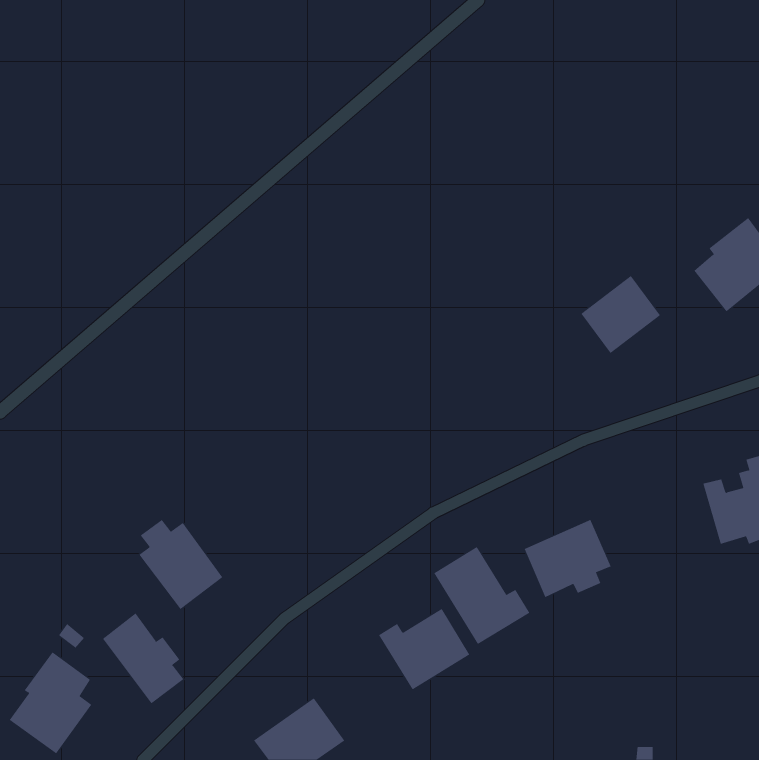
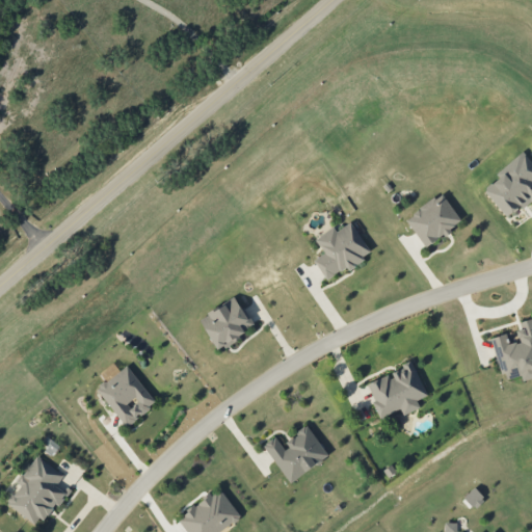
building: none -> [315,221,372,281]
building: none -> [201,297,255,348]
building: [433,546,530,645] -> none
building: [102,612,184,704] -> none

